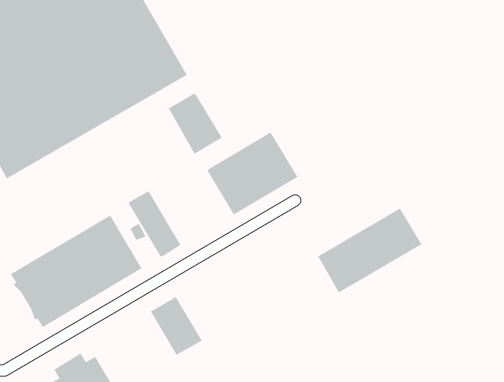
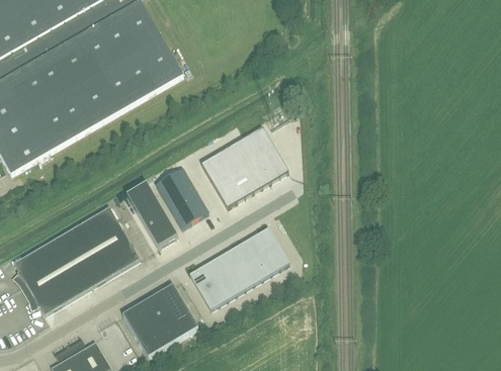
building: [168,92,223,155] -> [156,169,208,228]
building: [317,207,422,293] -> [189,227,289,309]
building: none -> [121,298,172,356]

